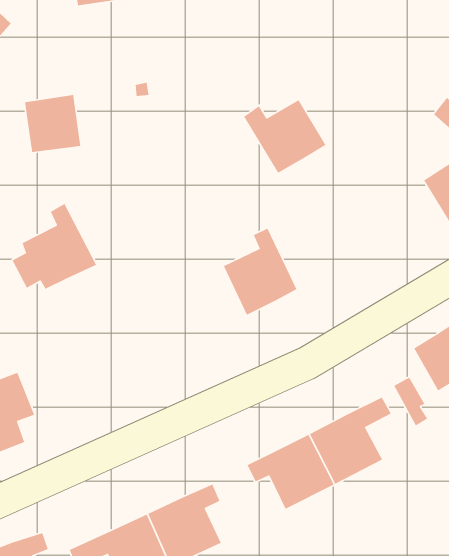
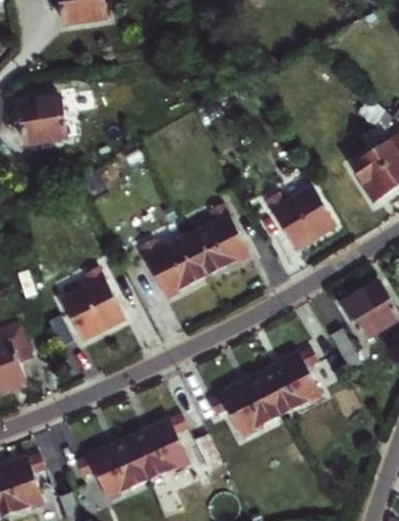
building: [243,99,326,174] -> [266,186,334,247]
building: [11,203,97,290] -> [55,267,125,338]
building: none -> [141,235,207,296]

